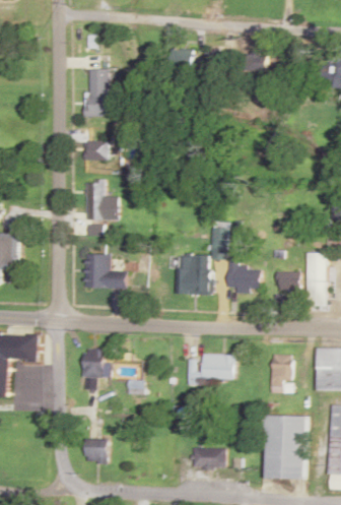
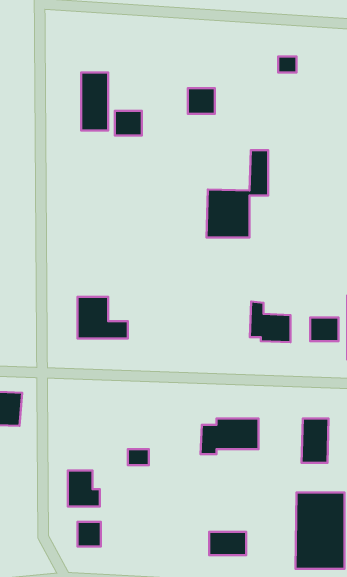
building: [170,49,193,70] -> [188,88,215,114]
building: [84,140,107,161] -> [115,111,142,135]
building: [85,180,117,219] -> none
building: [176,223,226,295] -> [207,150,268,237]
building: [83,349,110,378] -> [68,471,100,506]

